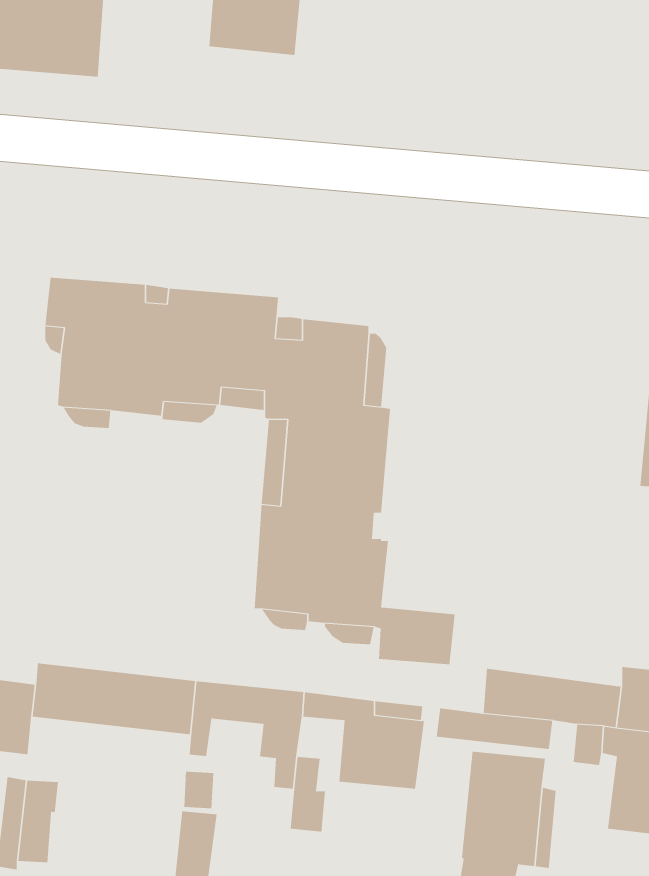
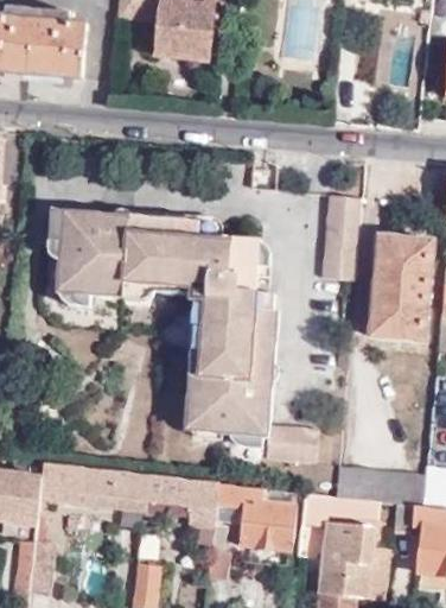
building: none -> [321,196,363,280]
building: none -> [371,238,434,341]

